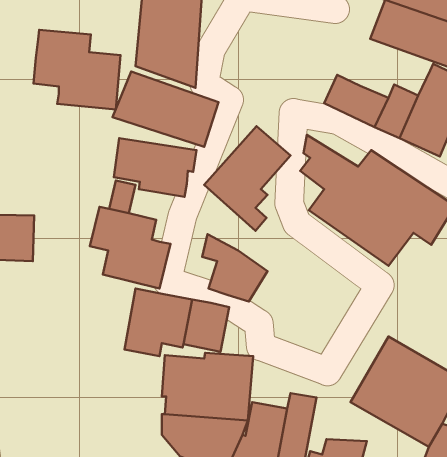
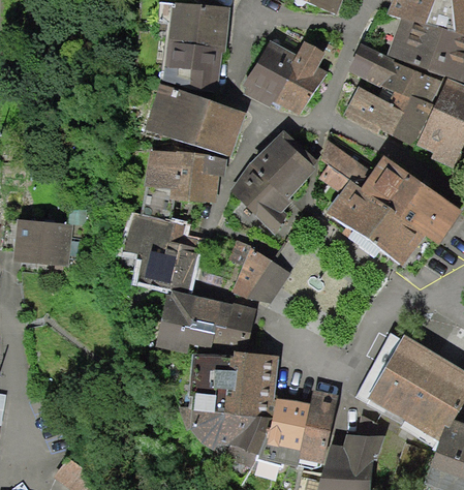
building: none -> [246,40,329,117]
building: [33,30,120,109] -> none
building: none -> [350,45,443,109]

